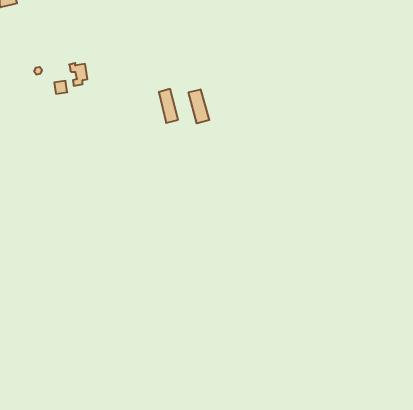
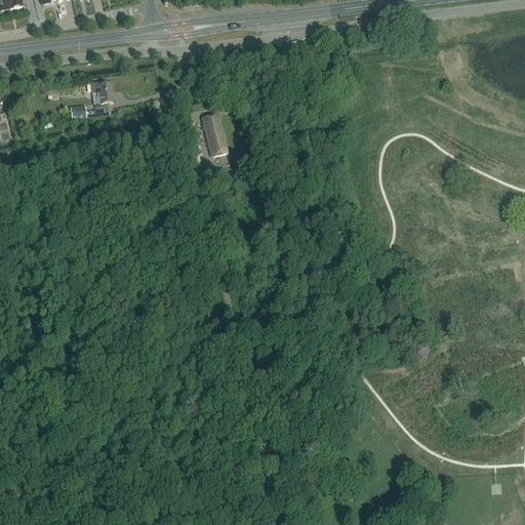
building: [189,89,209,123] -> none

